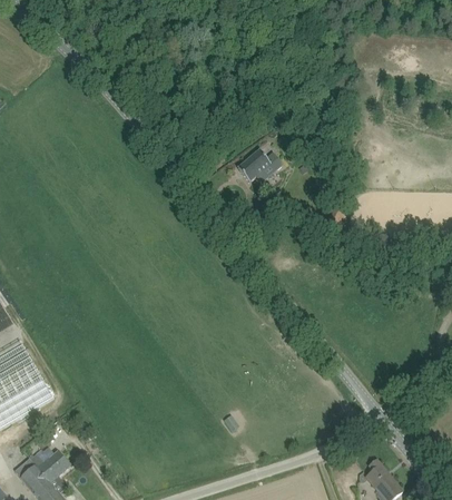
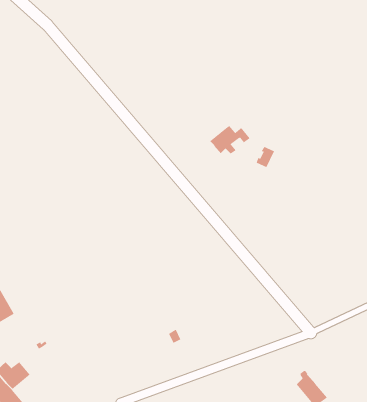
building: [237,150,283,183] -> [210,125,250,154]

